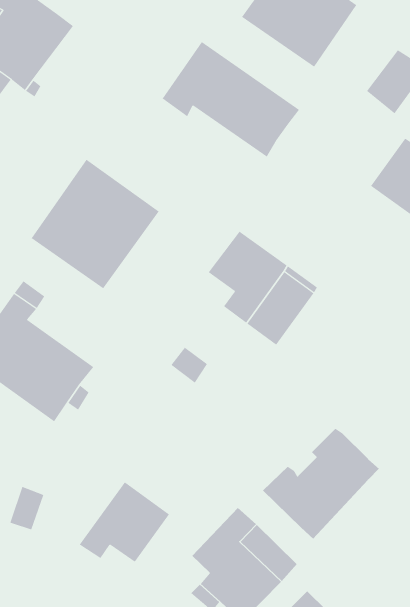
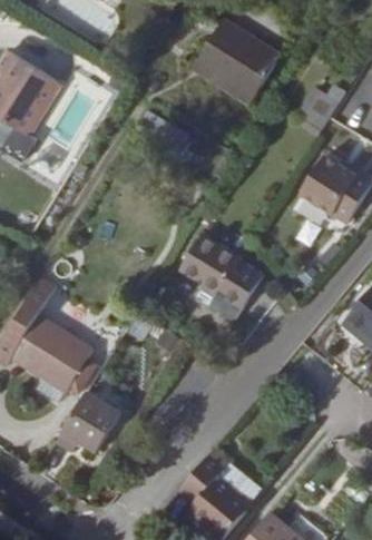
building: [162,41,300,157] -> none
building: [31,159,159,289] -> none
building: [262,428,380,540] -> none
building: [79,481,170,563] -> [53,390,123,452]

